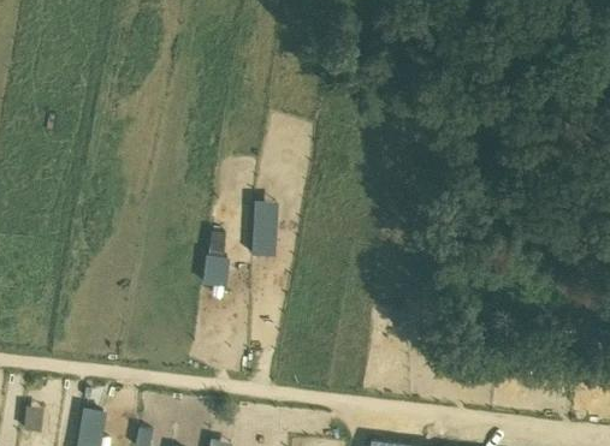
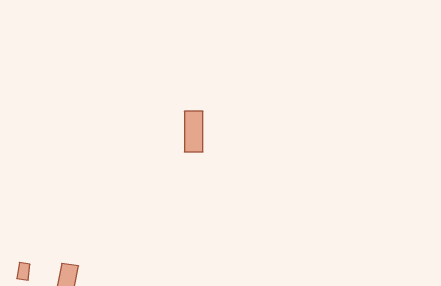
building: [203,252,230,284] -> none

